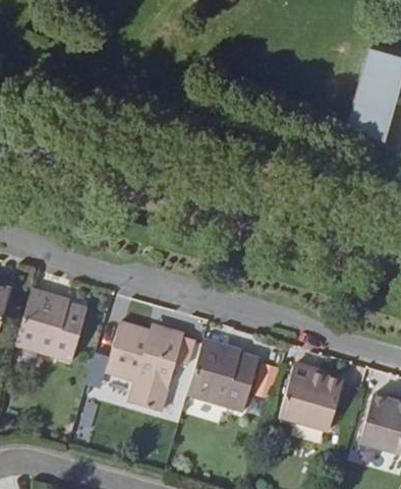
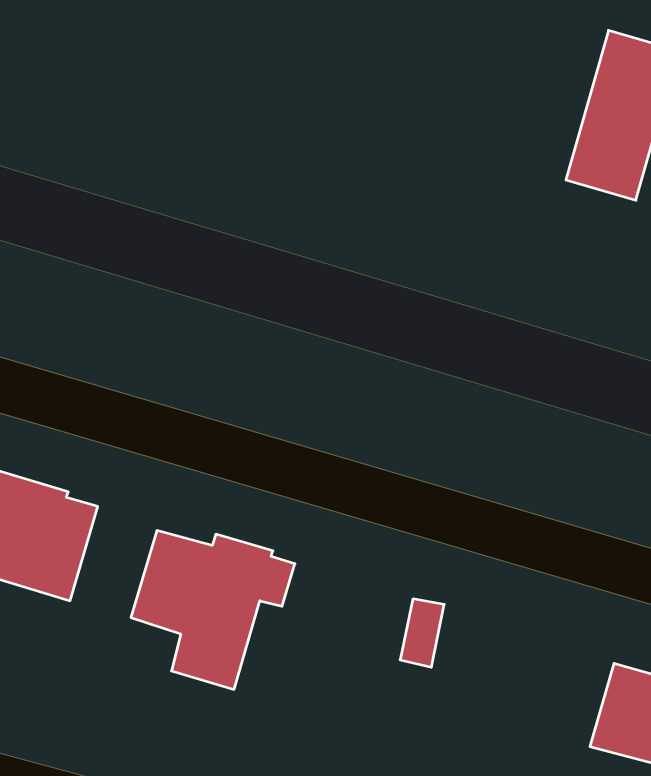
building: [186,340,260,412] -> none
building: [279,365,344,432] -> none

